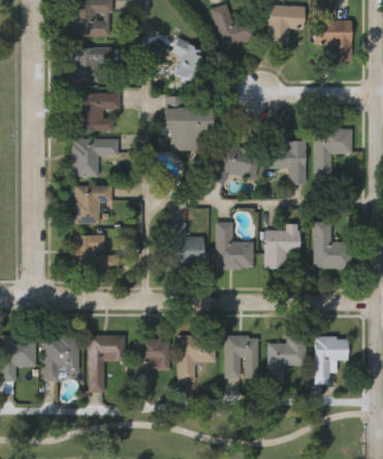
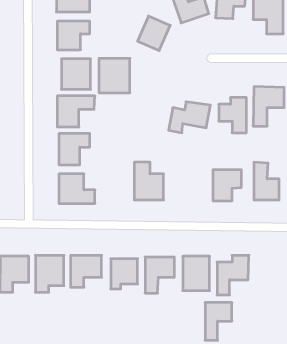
building: [171,108,210,151] -> [99,58,130,93]
building: [216,222,254,268] -> none
building: [316,337,349,384] -> [205,303,232,340]

